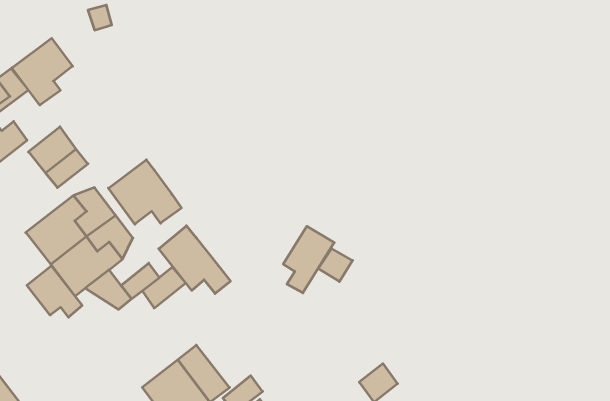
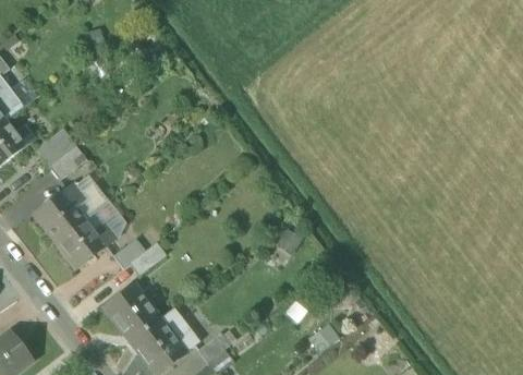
building: [12,38,73,105] -> none
building: [108,160,181,224] -> none
building: [159,226,230,294] -> none
building: [283,226,334,293] -> none
building: [27,266,82,317] -> none
building: none -> [104,286,159,342]

